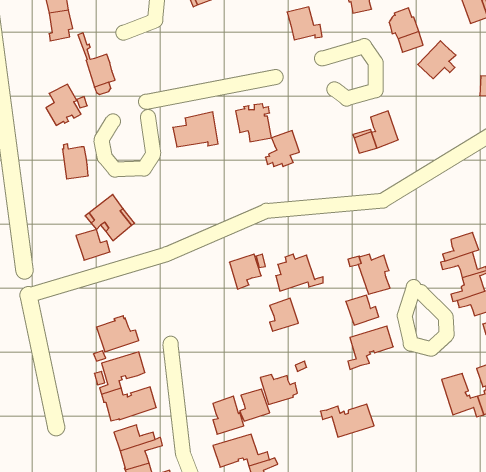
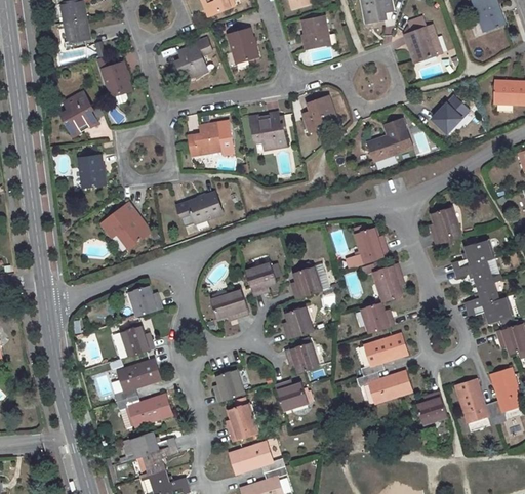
building: none -> [228,28,257,61]
building: none -> [176,38,211,78]
building: [418,41,456,79] -> [433,96,471,134]
building: [265,131,299,167] -> [301,96,335,132]
building: none -> [176,193,223,227]
building: none -> [432,207,461,244]
building: none -> [355,227,389,263]
building: [76,229,110,260] -> [128,285,162,316]
building: none -> [209,288,247,319]
building: none -> [284,337,318,372]
building: none -> [416,392,447,424]
building: [240,389,270,421] -> [214,369,244,401]
building: [320,404,374,437] -> [358,370,411,403]

